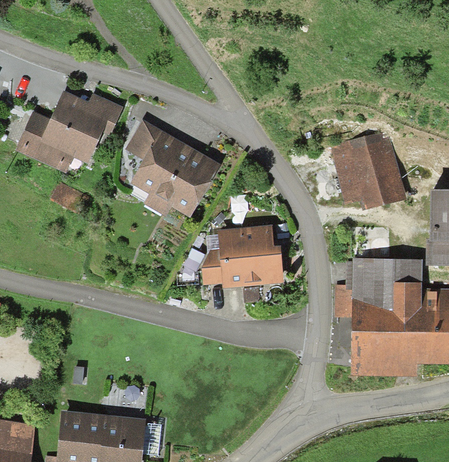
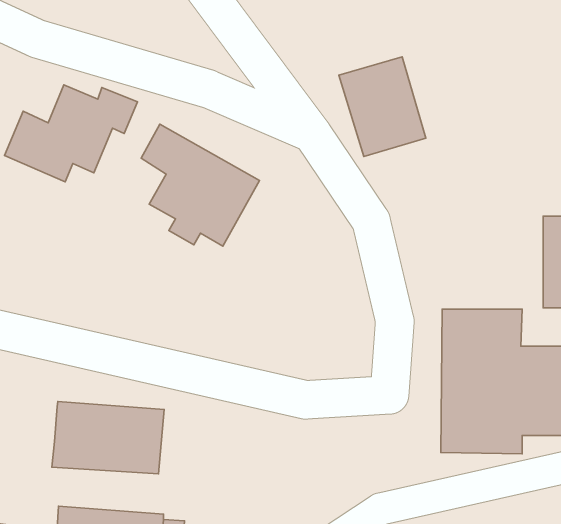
building: [334,132,400,208] -> [339,57,426,157]
building: [208,228,278,286] -> none
building: none -> [52,401,164,474]

